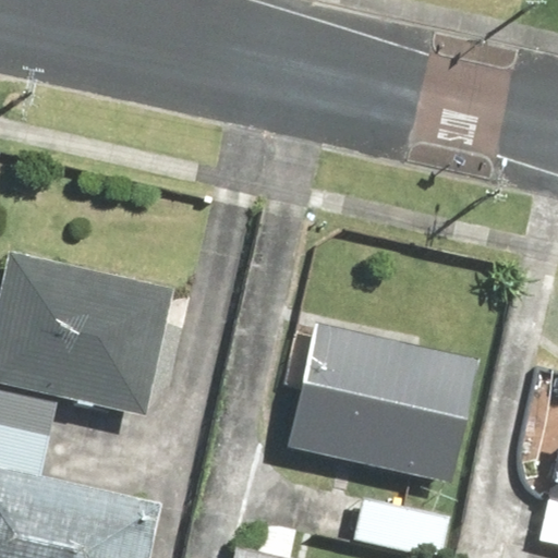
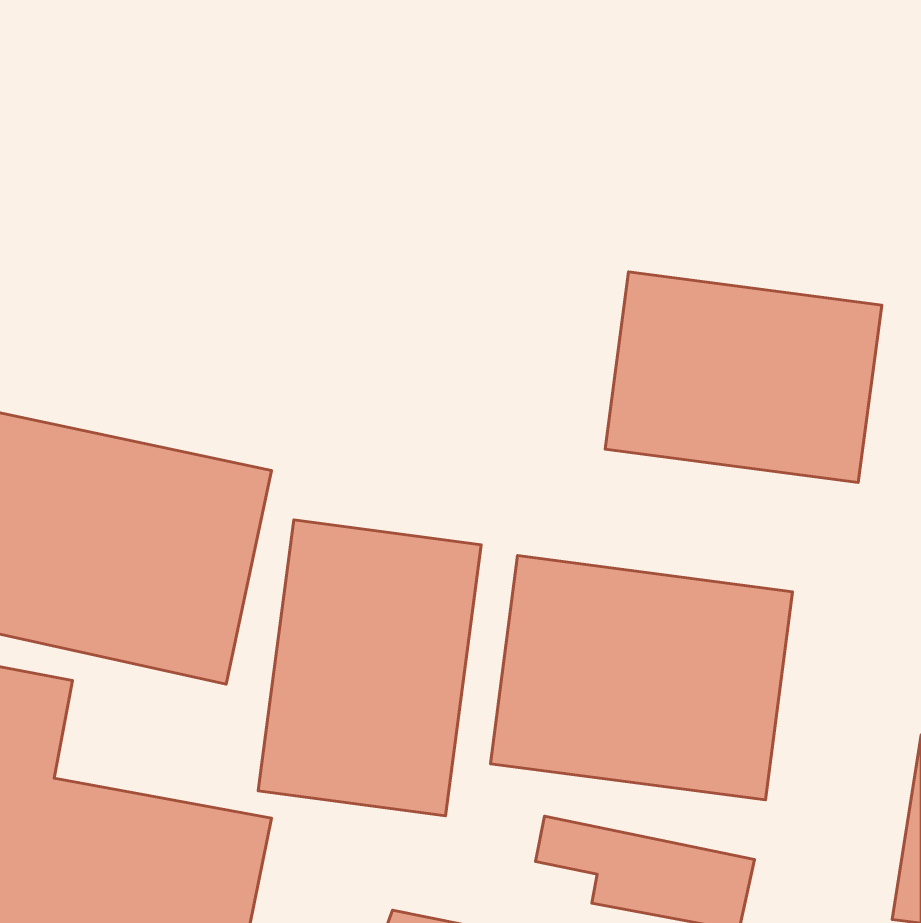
building: none -> [605,272,882,482]
building: none -> [258,520,481,816]

